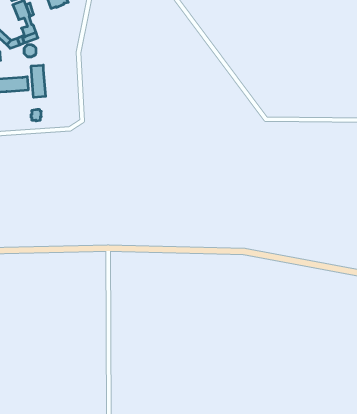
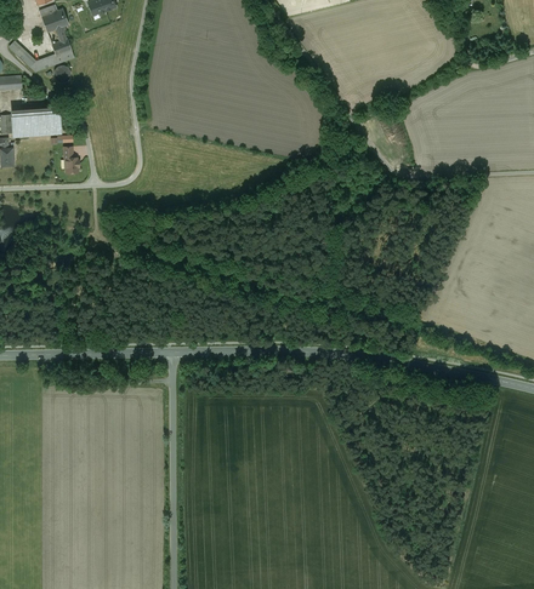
building: [31,65,46,97] -> none

